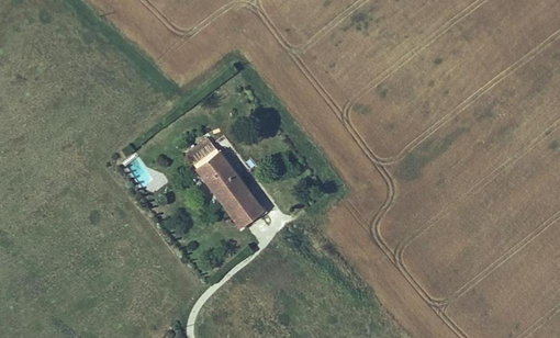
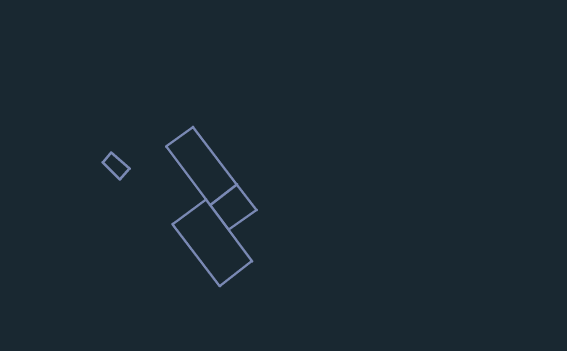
building: none -> [173,199,252,286]

